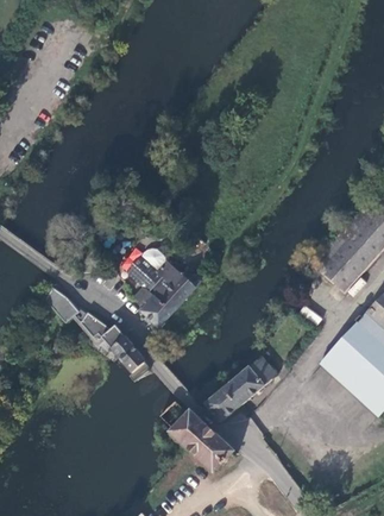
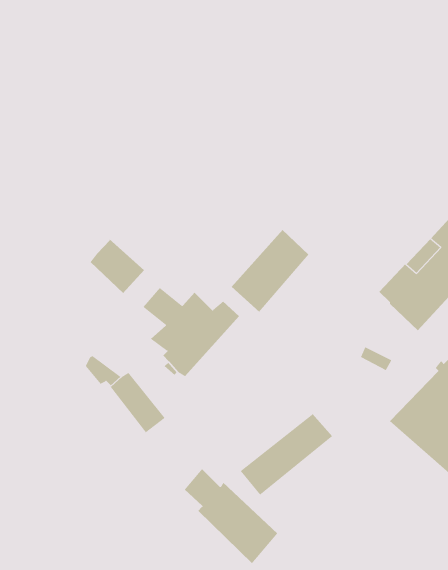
building: none -> [231,229,309,312]
building: none -> [90,239,145,294]
building: [44,285,78,320] -> none

